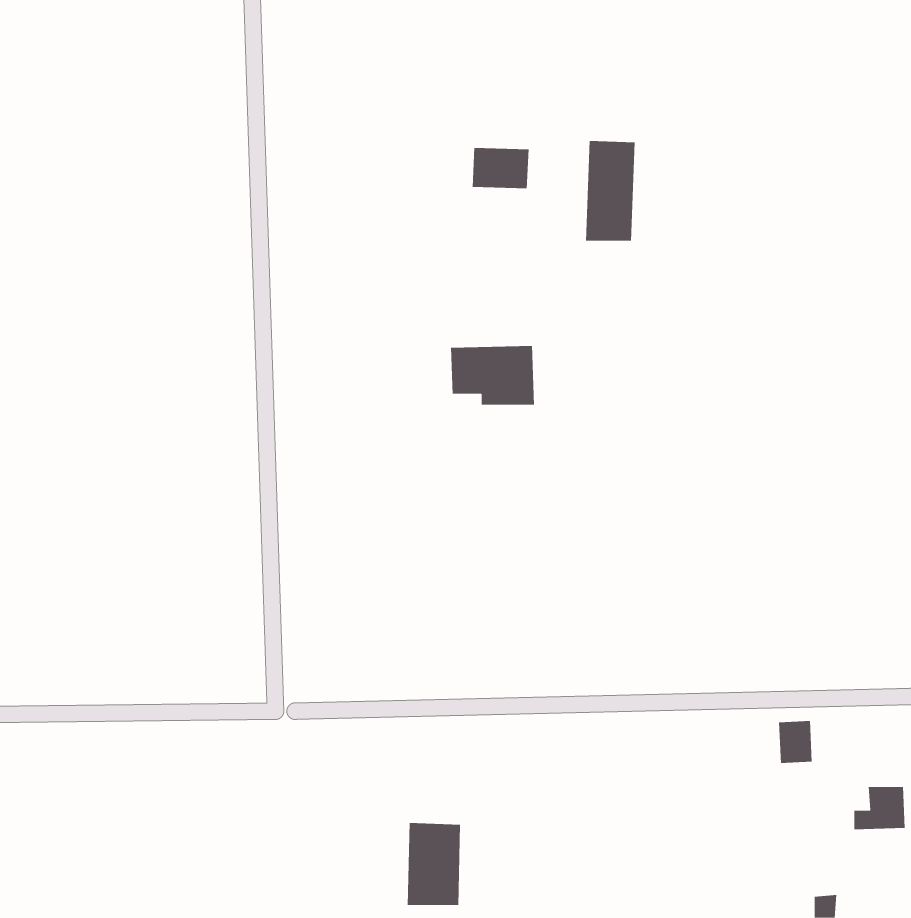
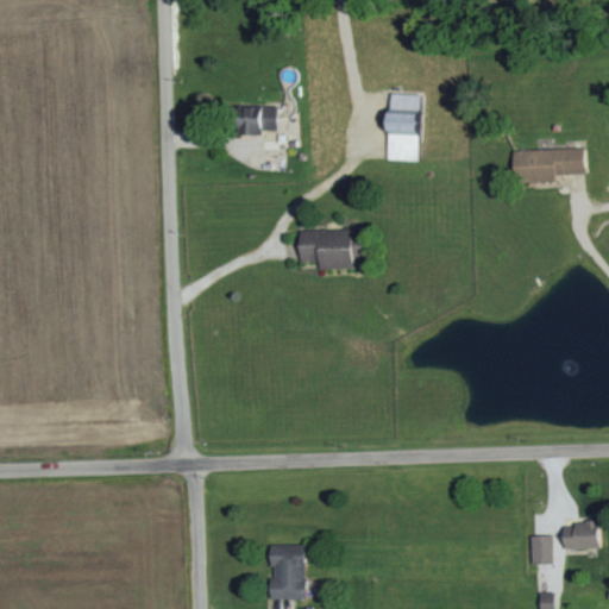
building: [472,147,529,189] -> [238,105,276,132]
building: none -> [511,146,584,182]
building: [778,720,813,764] -> [529,534,552,563]

